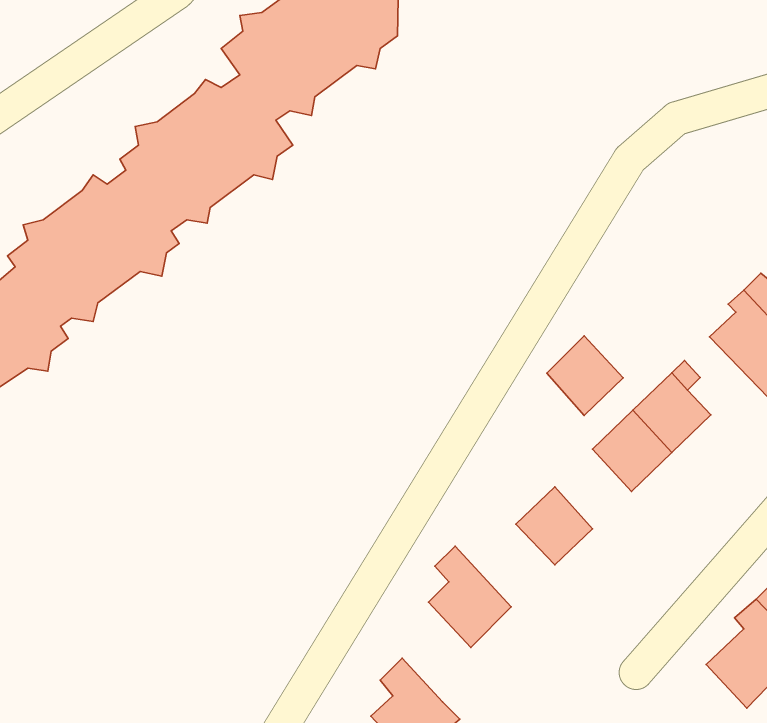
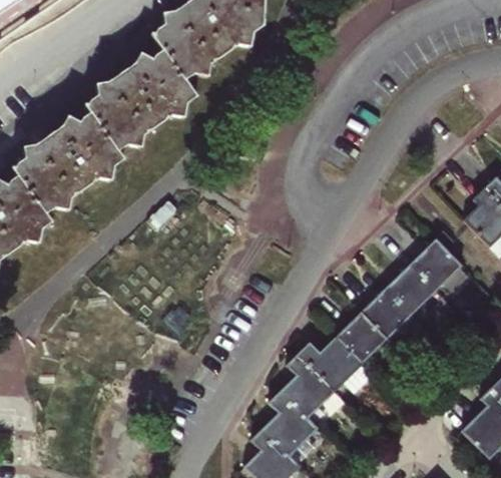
building: [547,336,623,415] -> [364,291,413,342]
building: none -> [300,339,374,393]
building: none -> [266,389,319,453]

